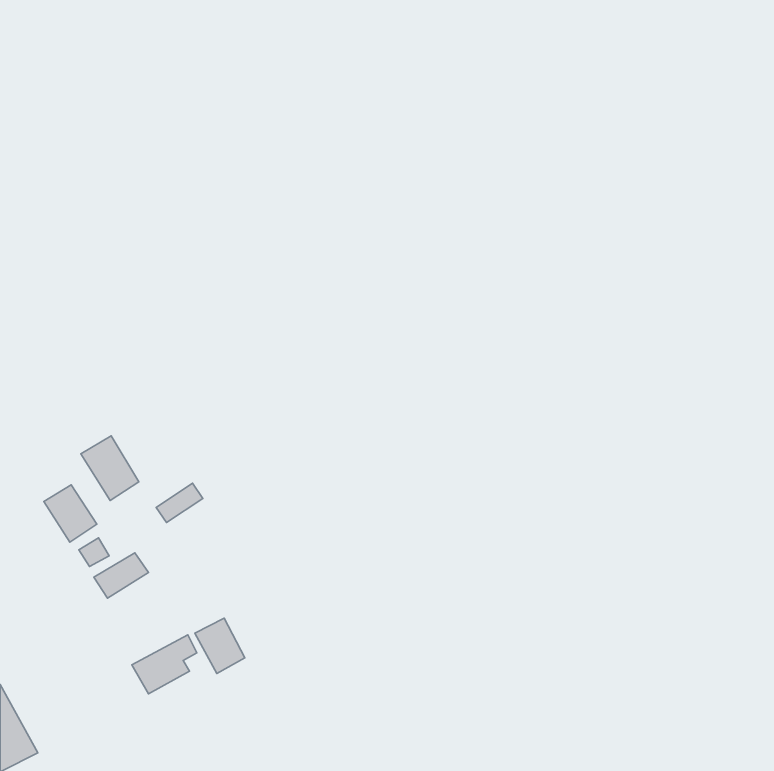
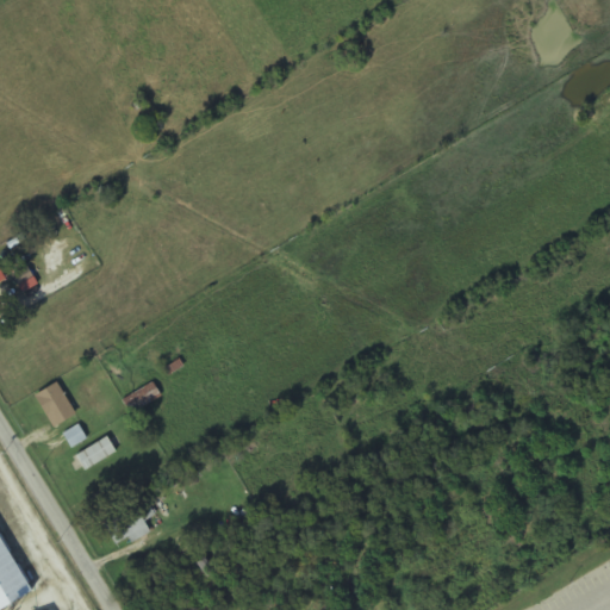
building: [81,436,139,501] -> none
building: [195,618,245,673] -> none

